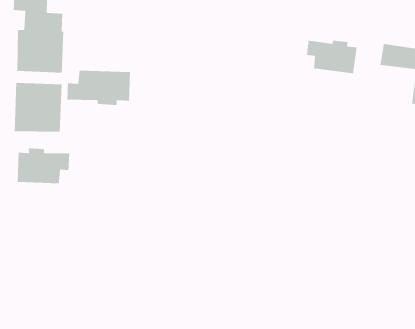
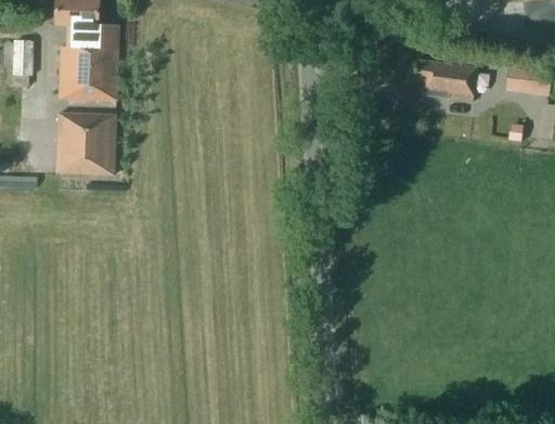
building: [66,70,131,106] -> none
building: [17,147,70,184] -> none

